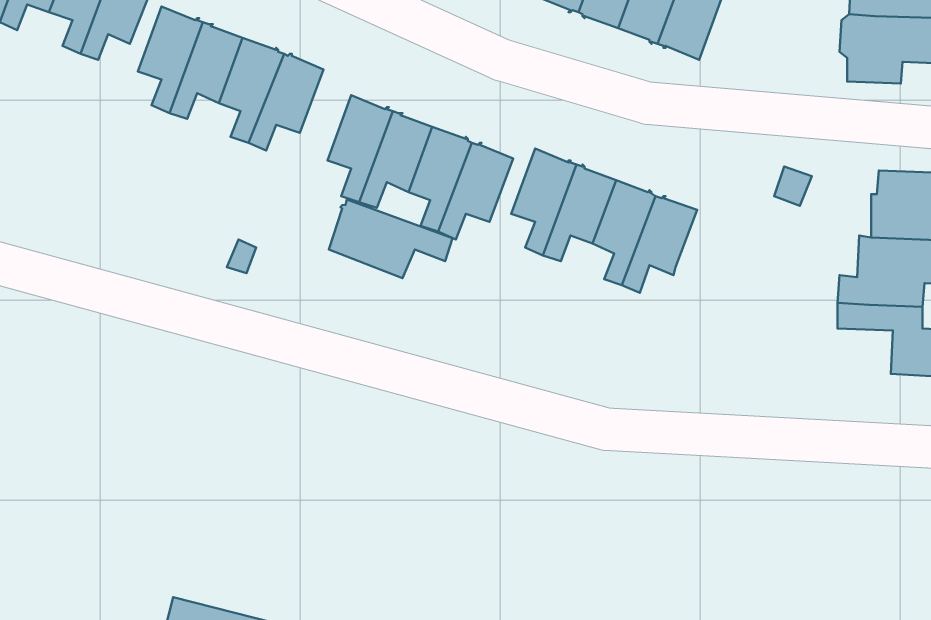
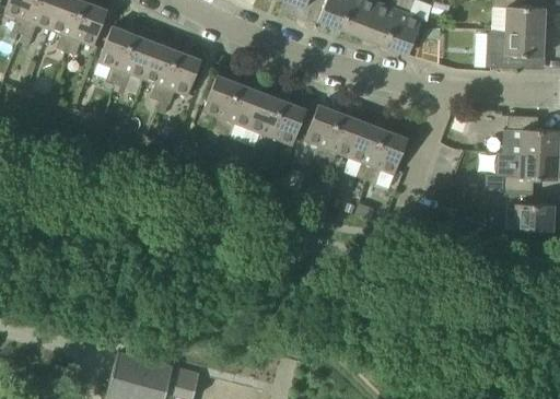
building: [329,200,453,278] -> none

